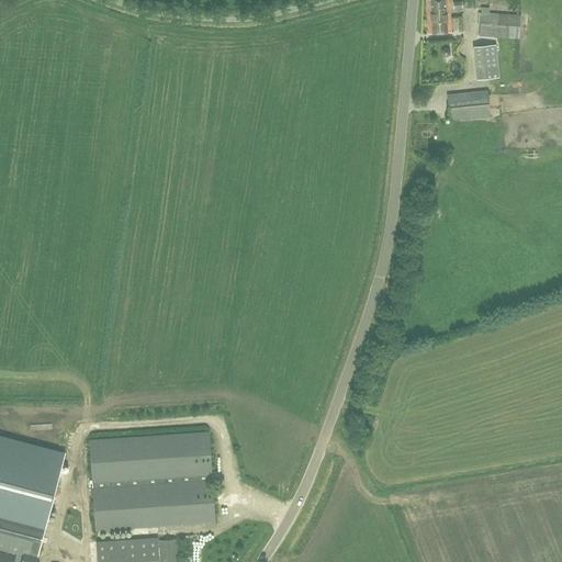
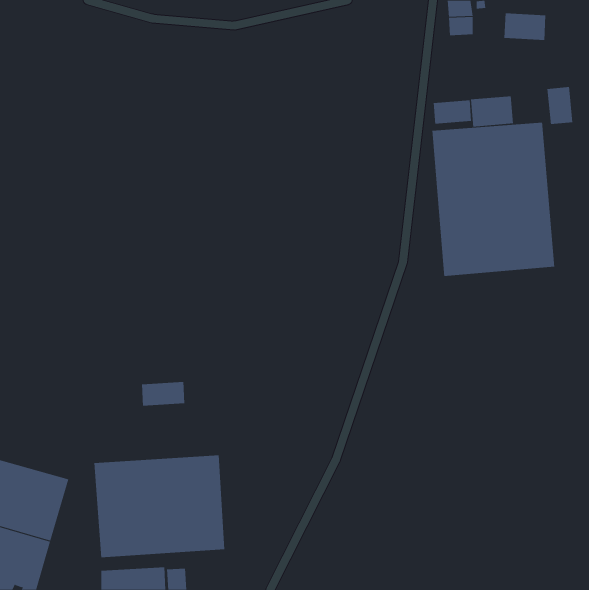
building: [472,44,497,80] -> [547,87,573,125]
building: none -> [433,99,472,124]
building: none -> [432,122,555,277]
building: none -> [141,381,185,406]

